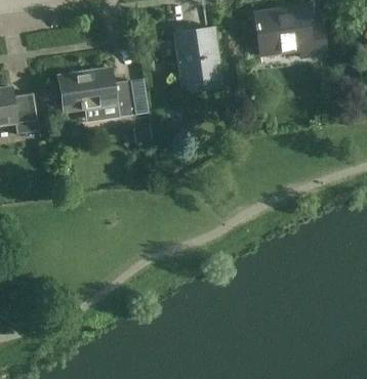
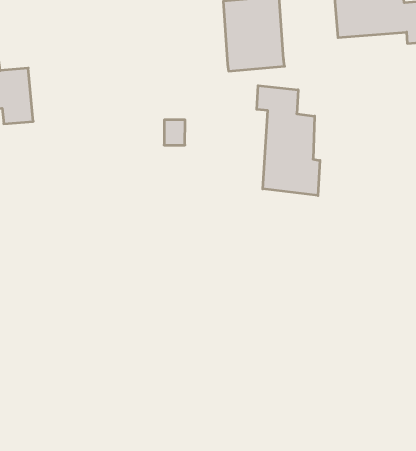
building: [57,68,135,118] -> none
building: none -> [257,86,320,196]

